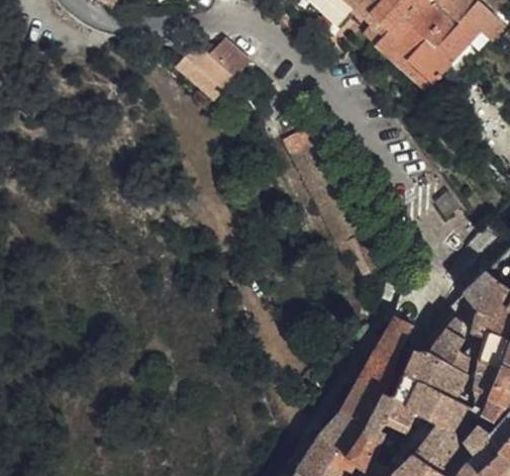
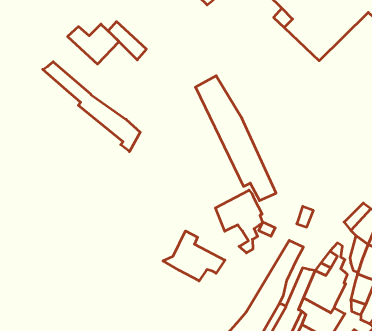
building: [184,38,246,87] -> [68,24,119,64]
building: none -> [43,62,140,152]
building: none -> [215,190,263,253]
building: none -> [163,231,225,281]

